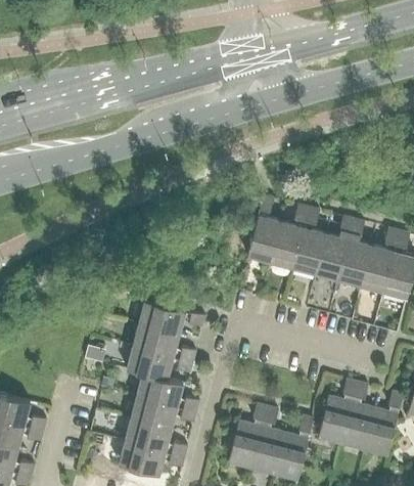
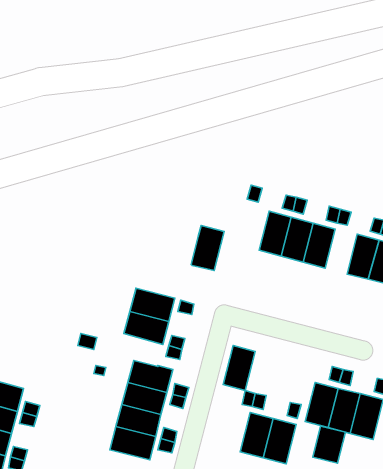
building: [247,215,281,261] -> [191,225,224,271]
building: [338,239,371,285] -> none
building: [127,346,173,380] -> none
building: [229,421,262,467] -> [223,345,255,391]
building: none -> [313,426,345,463]

